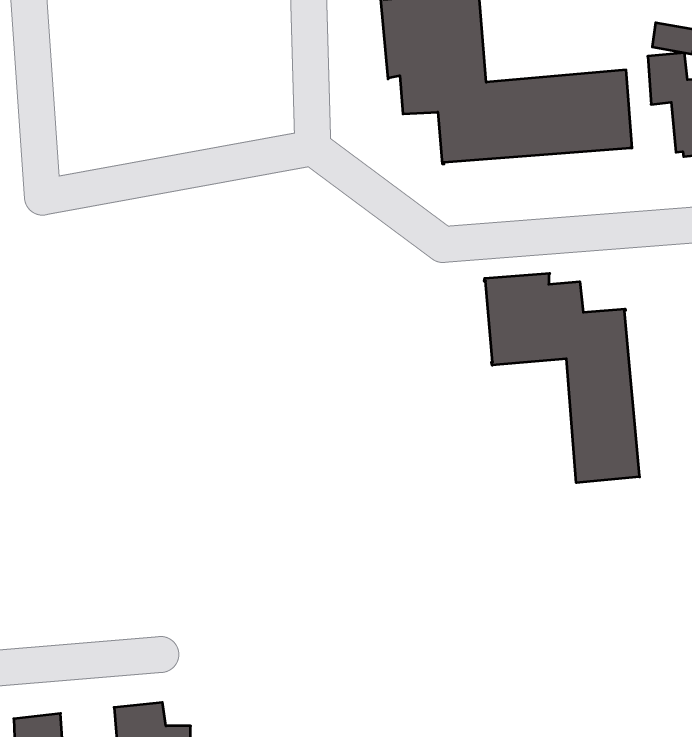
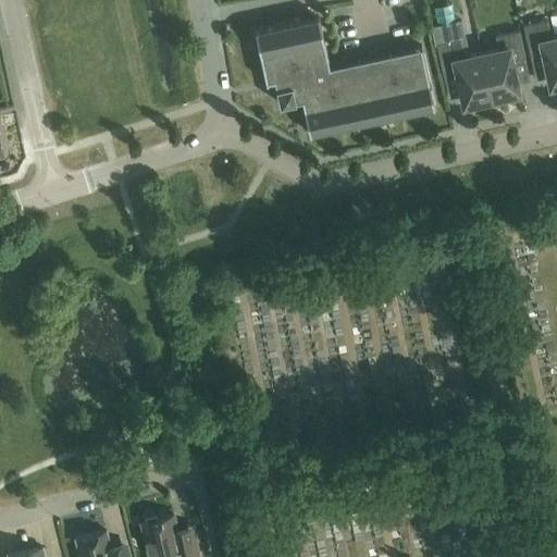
building: [484,273,640,483] -> none

